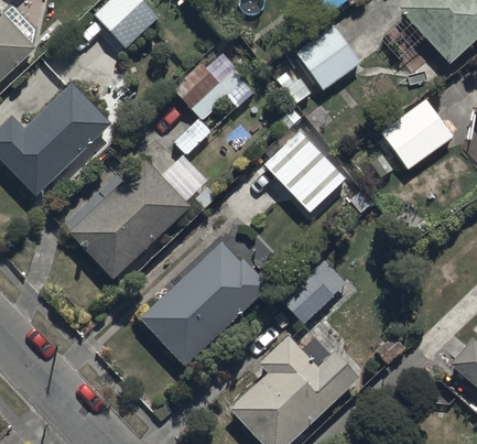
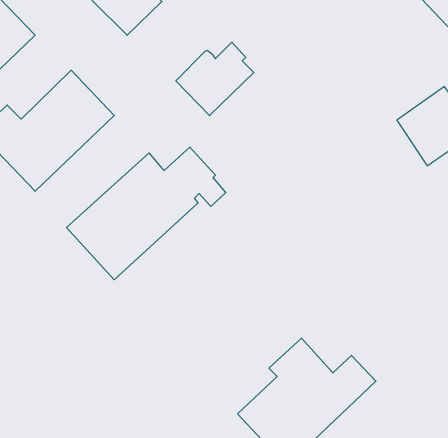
building: [285,25,361,91] -> none
building: [263,131,346,213] -> none
building: [138,241,273,367] -> none
building: [277,260,346,327] -> none

